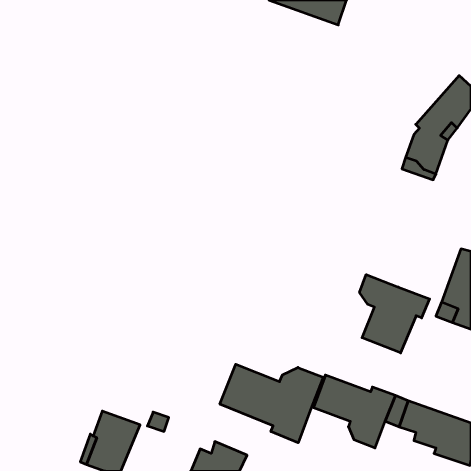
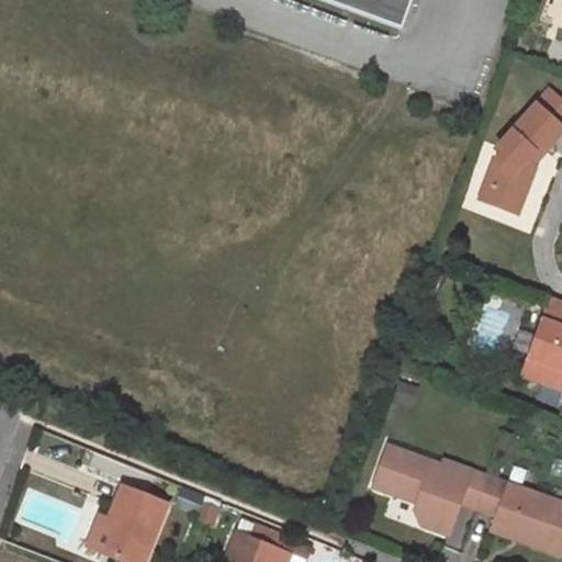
building: [360,275,430,353] -> none
building: [220,364,323,443] -> none

